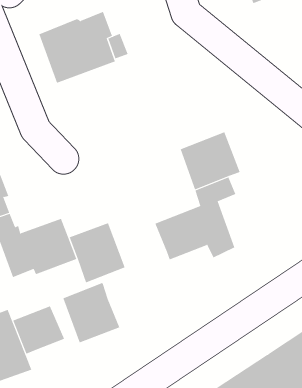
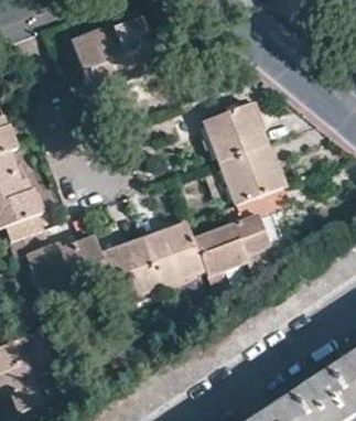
building: none -> [204,100,267,161]
building: [63,282,120,343] -> [144,222,205,285]
building: [12,305,65,354] -> none

